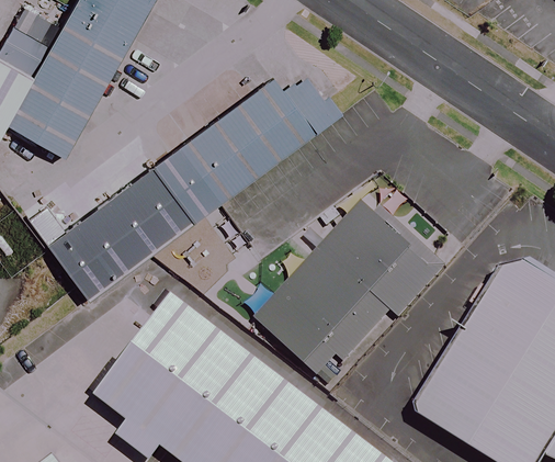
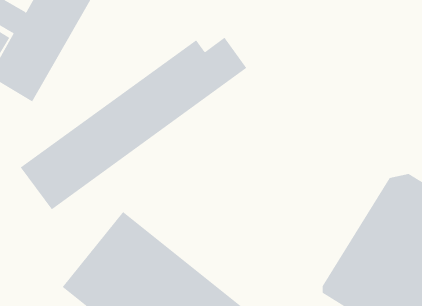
building: [262,199,454,384] -> none

